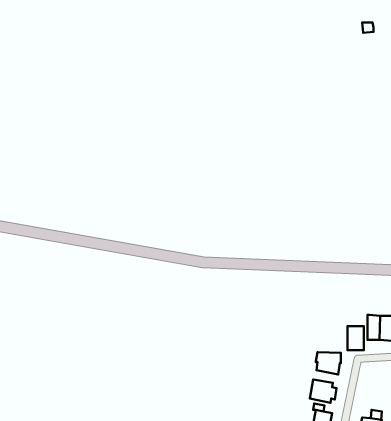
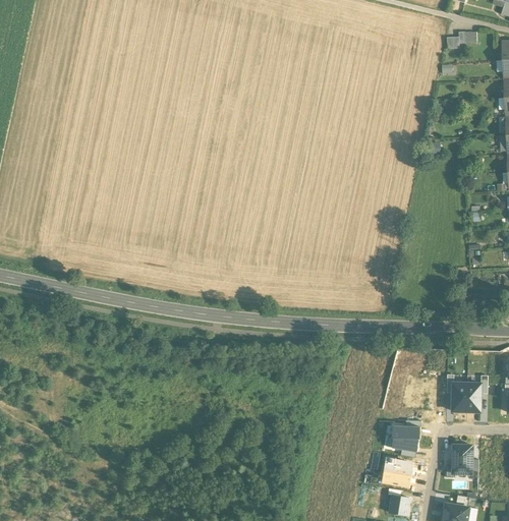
building: [347,326,364,350] -> [452,445,471,473]

